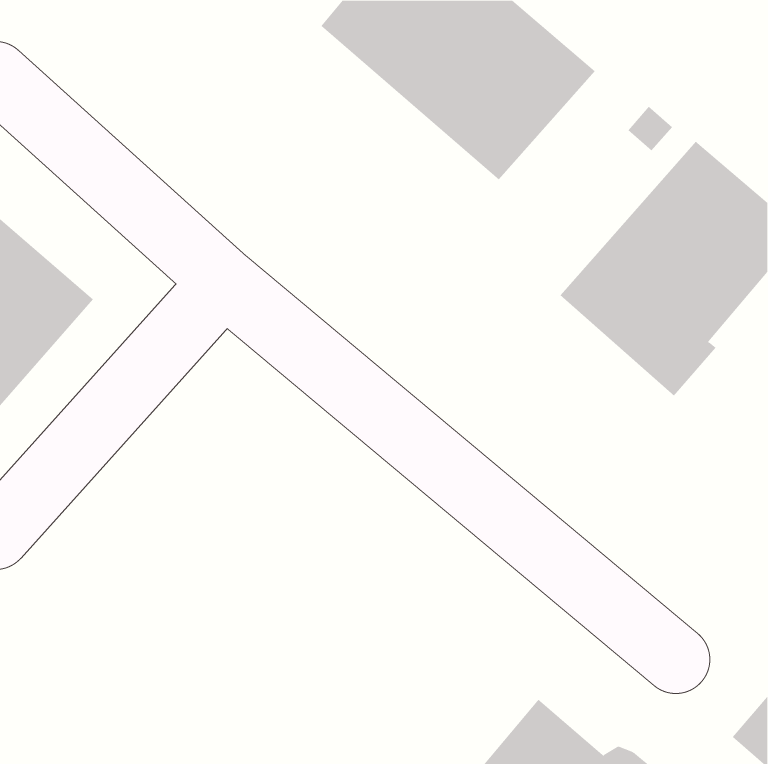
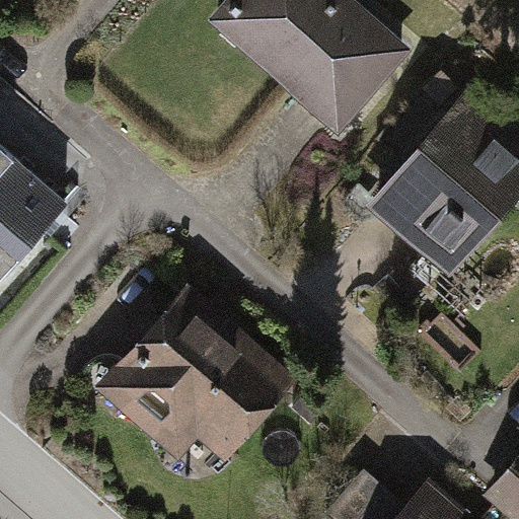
building: none -> [104,297,283,452]

